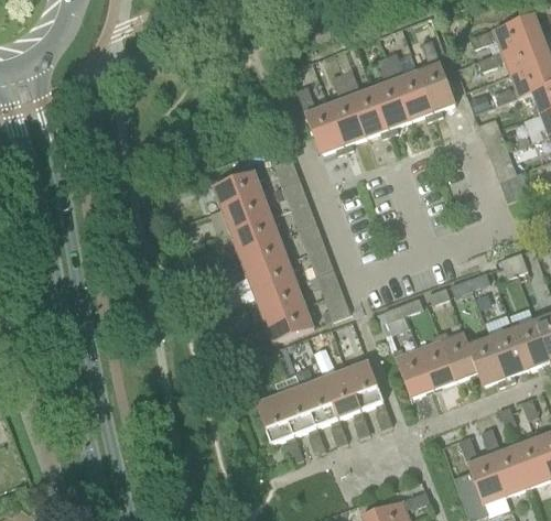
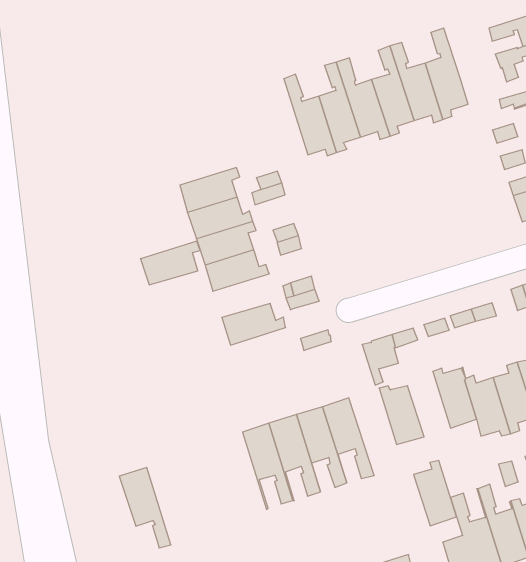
building: [246,257,296,296] -> [140,241,200,285]
building: [263,302,313,341] -> none
building: [417,333,455,389] -> [414,460,456,526]
building: [255,393,302,462] -> [119,467,171,548]

